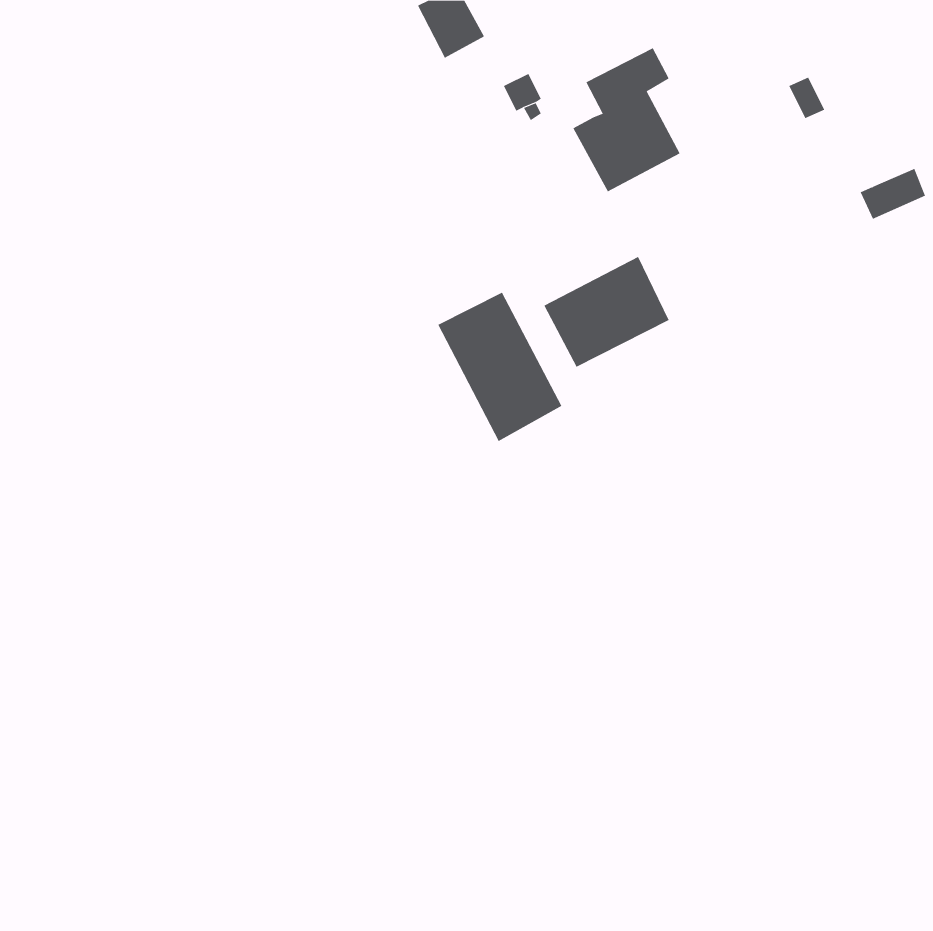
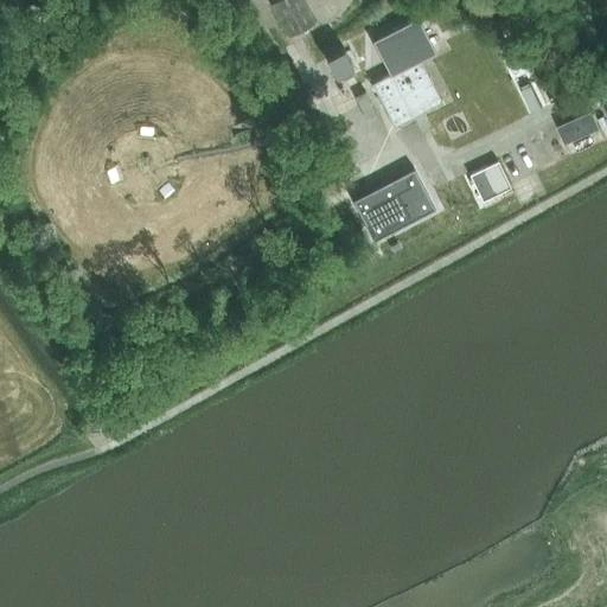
building: none -> [471,162,511,202]
building: [438,292,562,442] -> none

